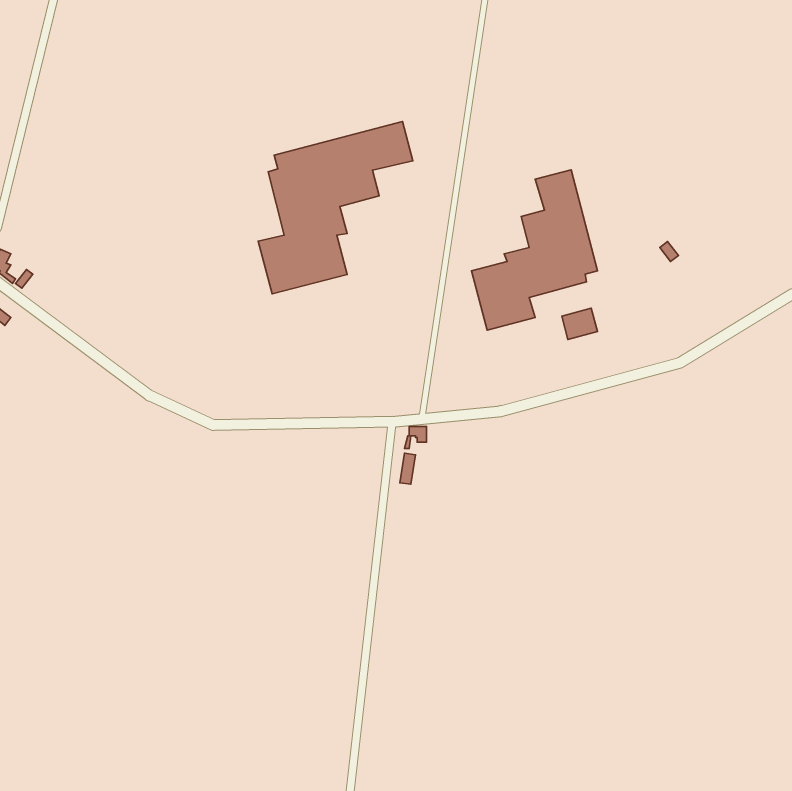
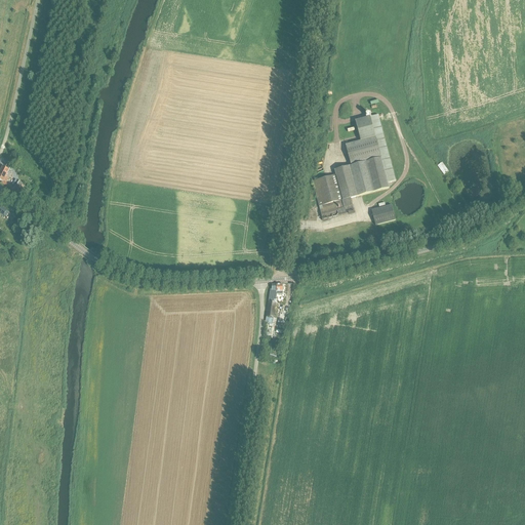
building: [258,122,413,294] -> none

